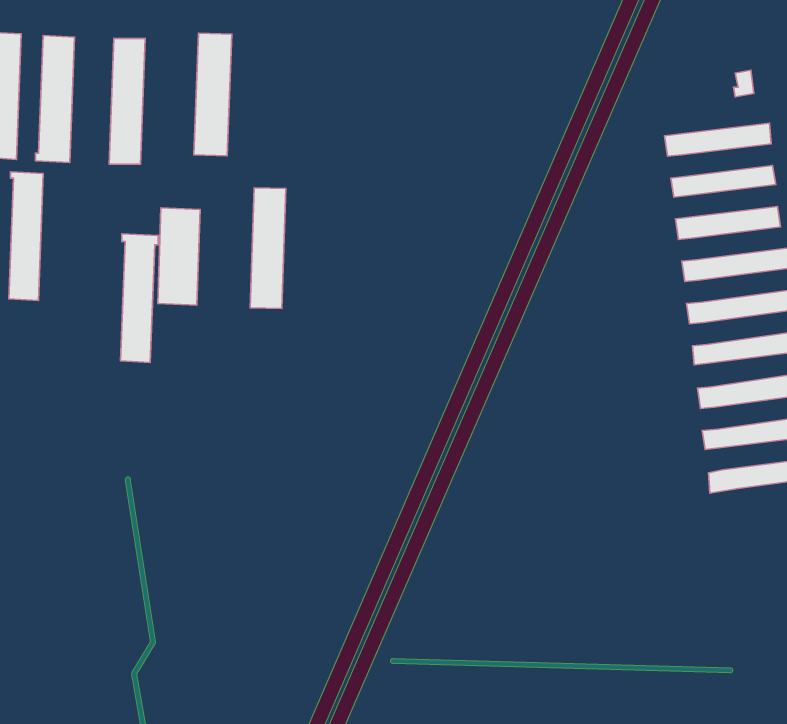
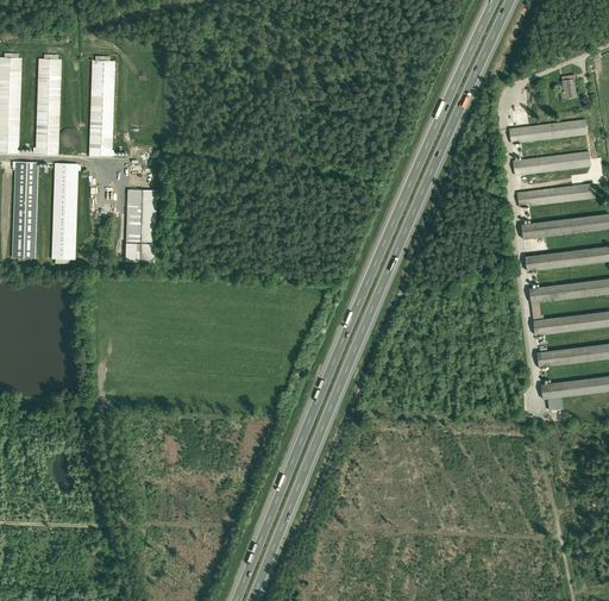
building: [194,33,232,156] -> none
building: [250,188,286,308] -> none
building: [120,234,158,362] -> [51,157,80,255]

